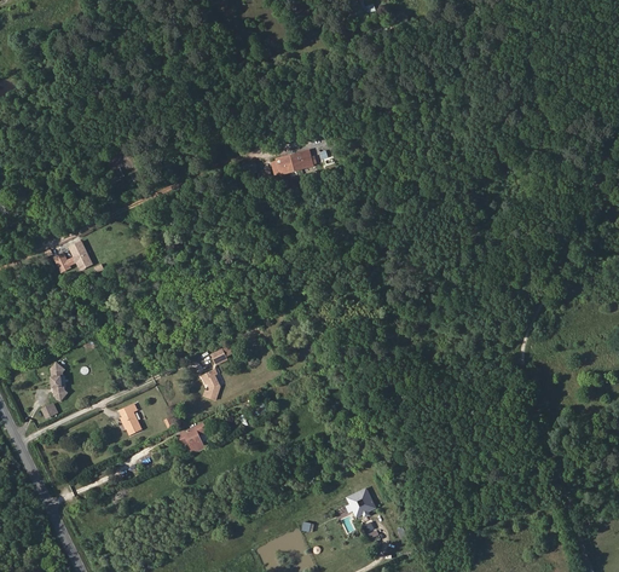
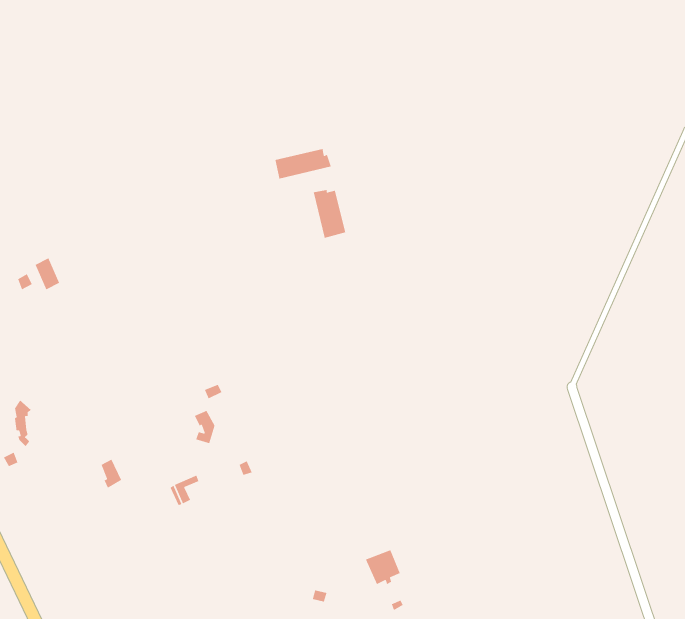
building: none -> [313,189,346,239]

